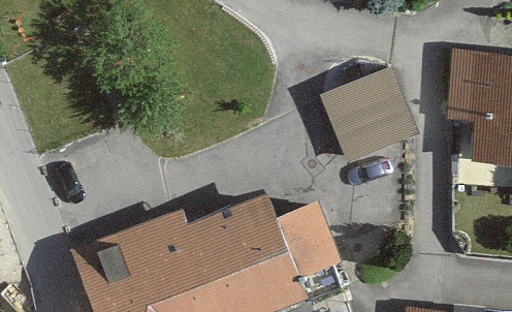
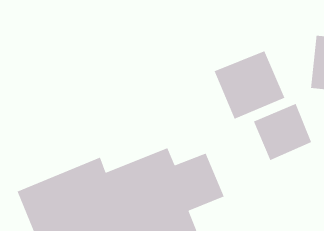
building: none -> [253,103,312,161]

